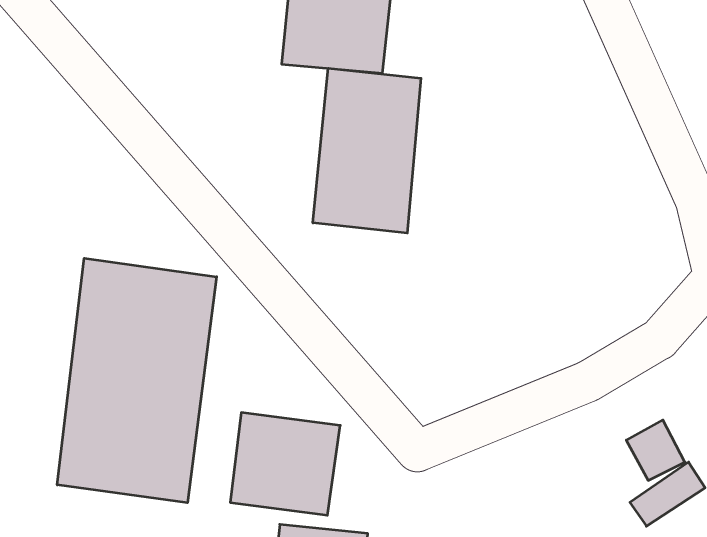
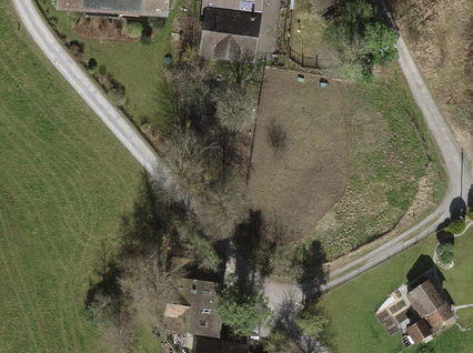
building: [313,68,421,233] -> none
building: [57,258,217,503] -> none

